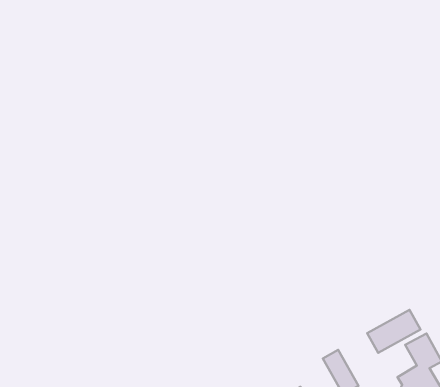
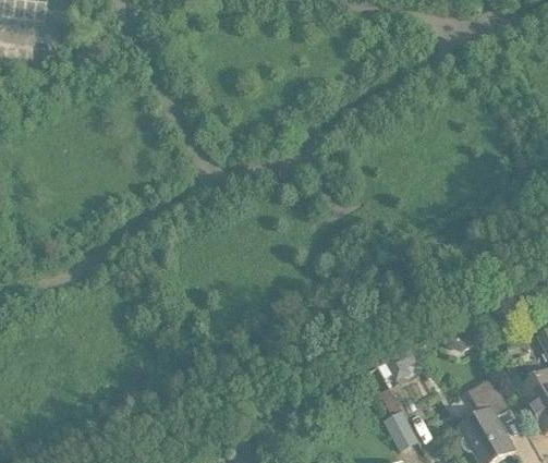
building: [367,310,420,353] -> none

